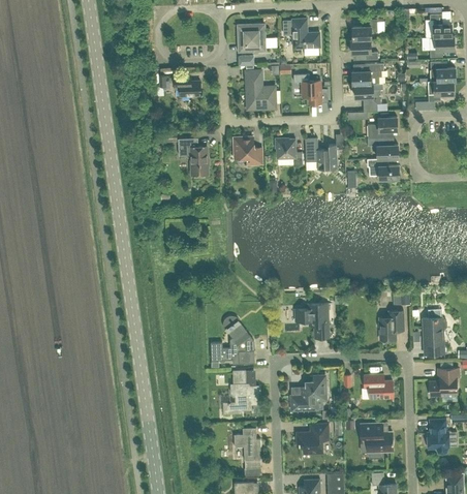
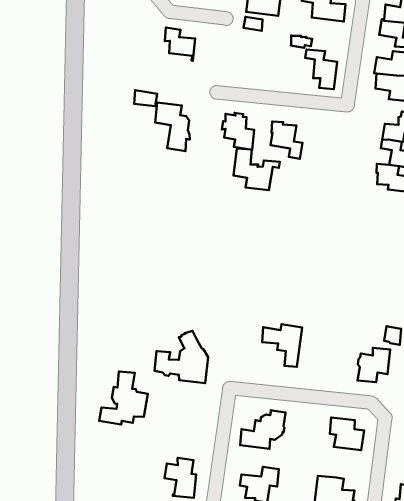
building: [246,70,275,107] -> none
building: [305,137,342,169] -> [234,148,280,190]
building: [223,369,259,413] -> [99,371,148,425]

